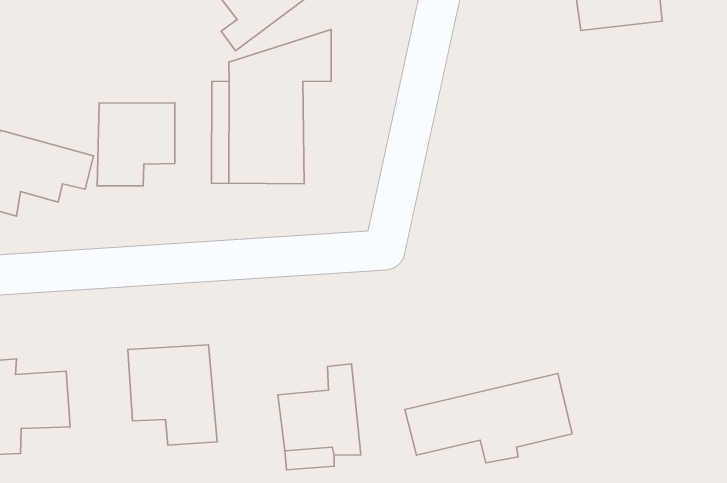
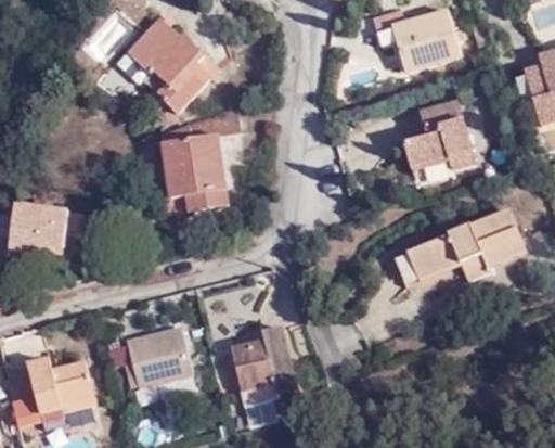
building: none -> [405,100,477,170]
building: [97,103,175,186] -> none
building: [405,374,572,463] -> [406,213,525,284]

